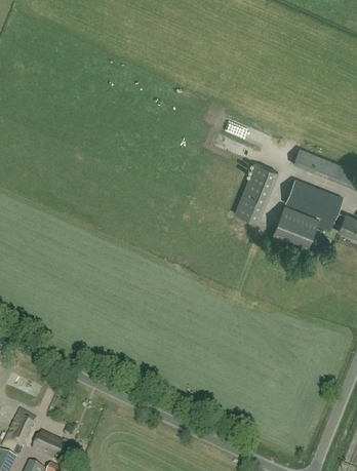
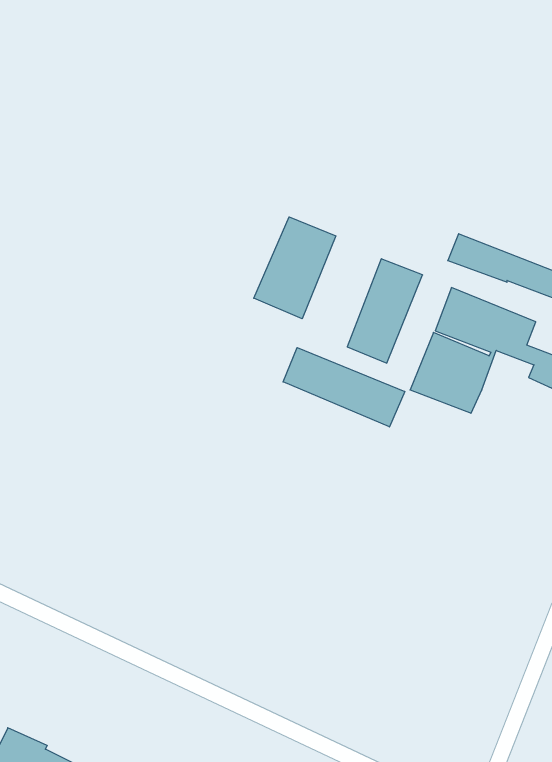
building: none -> [254,217,336,319]
building: none -> [283,348,405,427]

